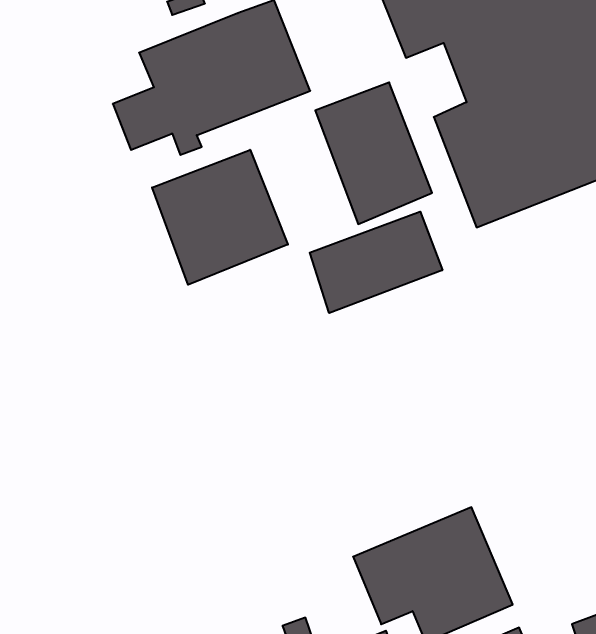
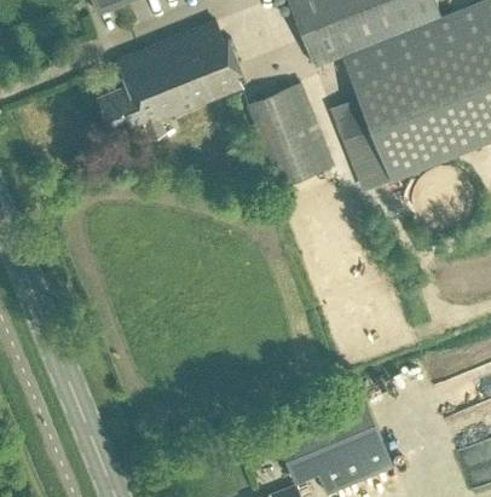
building: [152,150,288,285] -> none
building: [310,212,442,313] -> none

